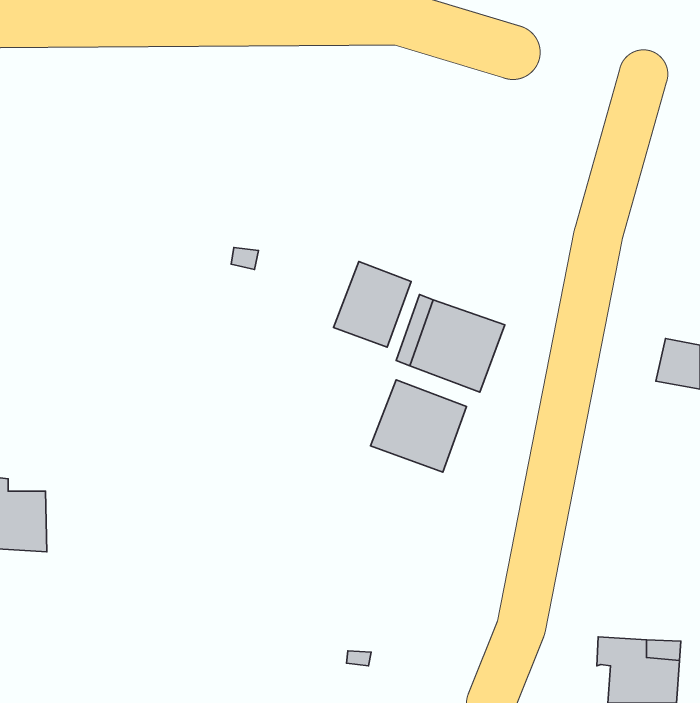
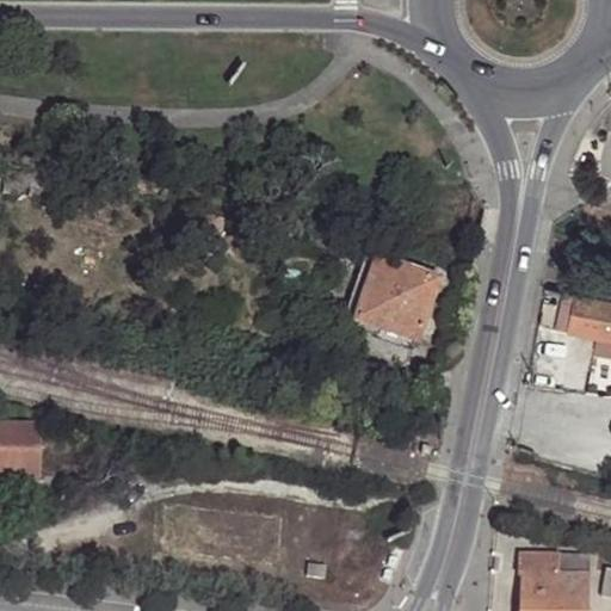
building: [334,261,411,347] -> none
building: [370,380,466,472] -> none

